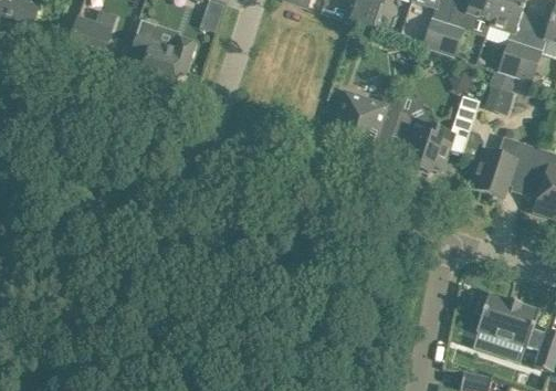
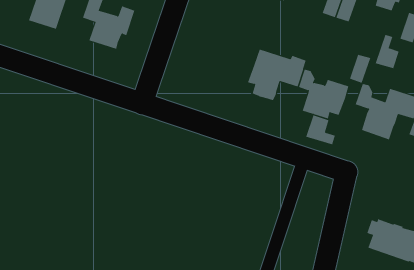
building: [497,36,526,75] -> none
building: none -> [305,114,336,145]

